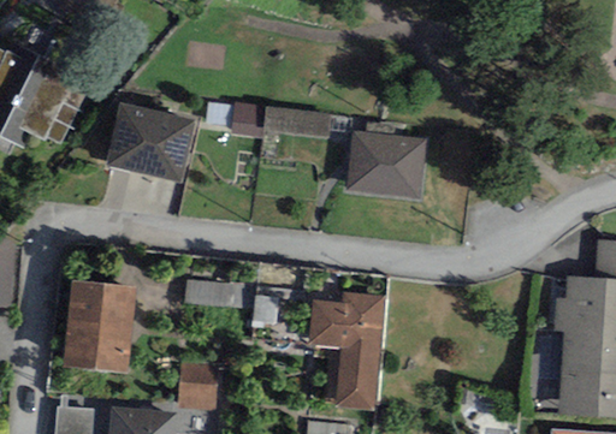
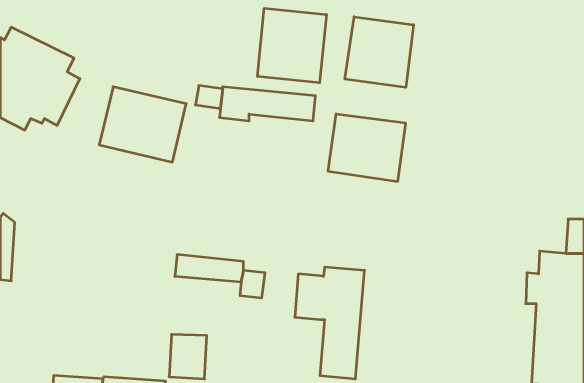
building: none -> [258,8,326,83]
building: none -> [345,17,414,87]
building: [63,280,136,371] -> none

